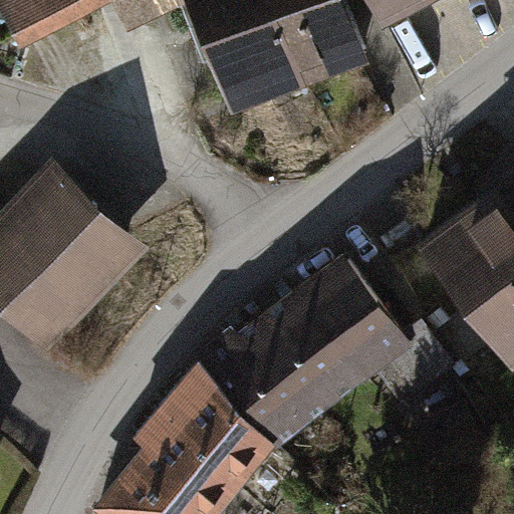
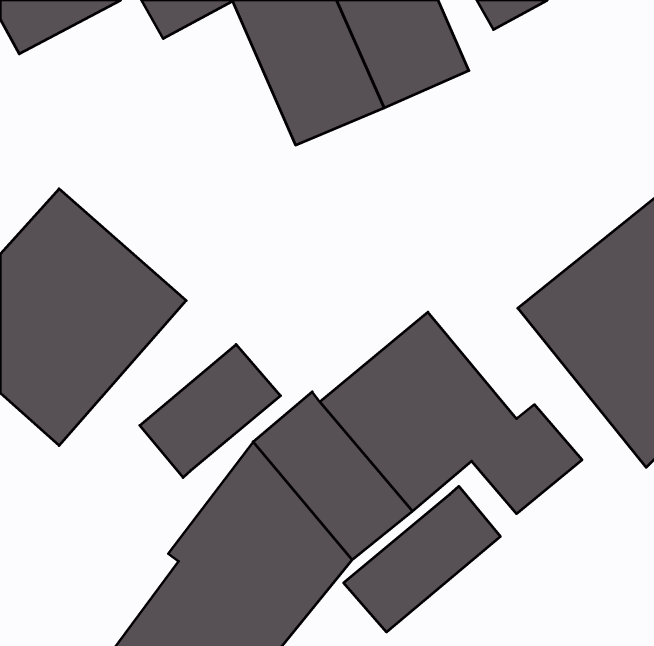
building: none -> [140,344,281,478]
building: none -> [344,486,500,632]

